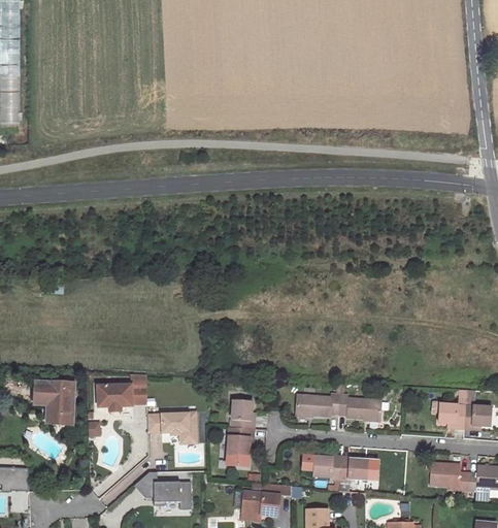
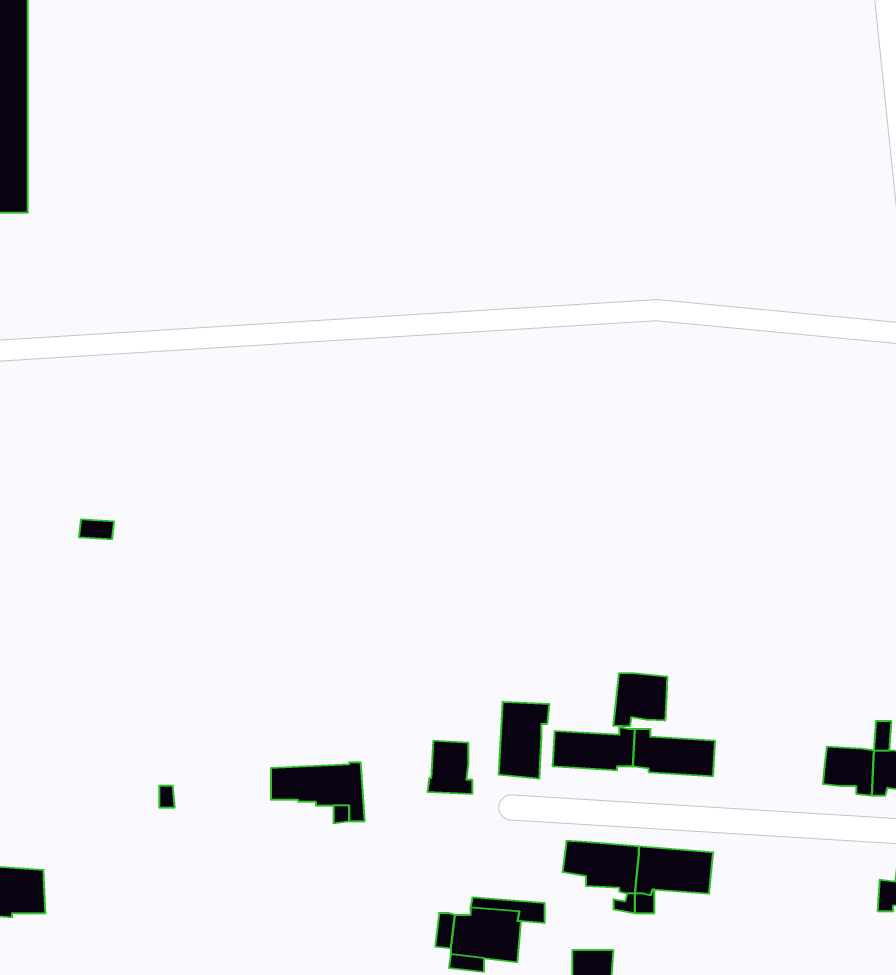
building: none -> [614,673,667,726]
building: [98,374,146,406] -> none
building: [37,382,74,424] -> none
building: [227,427,254,467] -> [499,702,549,778]
building: [430,462,468,490] -> none
building: [134,471,192,509] -> none

